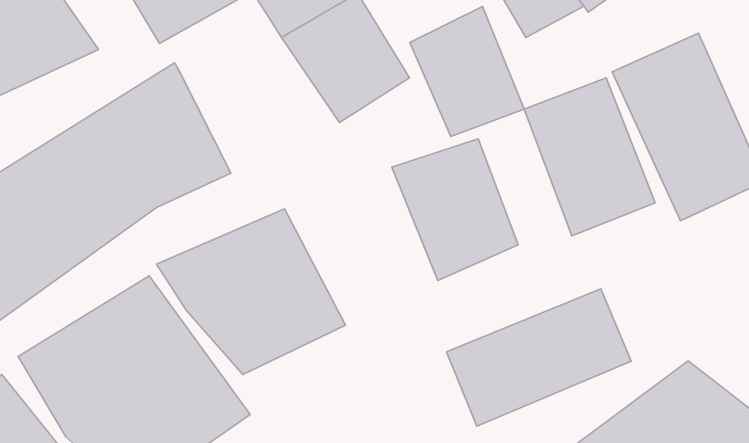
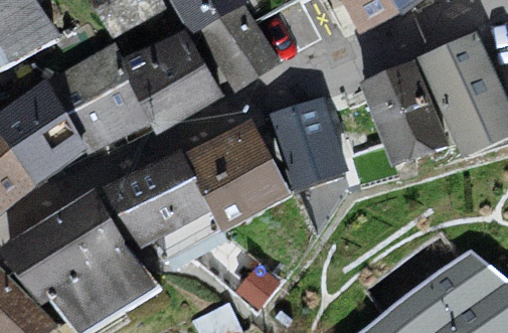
building: [410,6,524,136] -> none
building: none -> [122,22,217,121]
building: none -> [193,117,297,223]
building: [446,289,631,426] -> none

